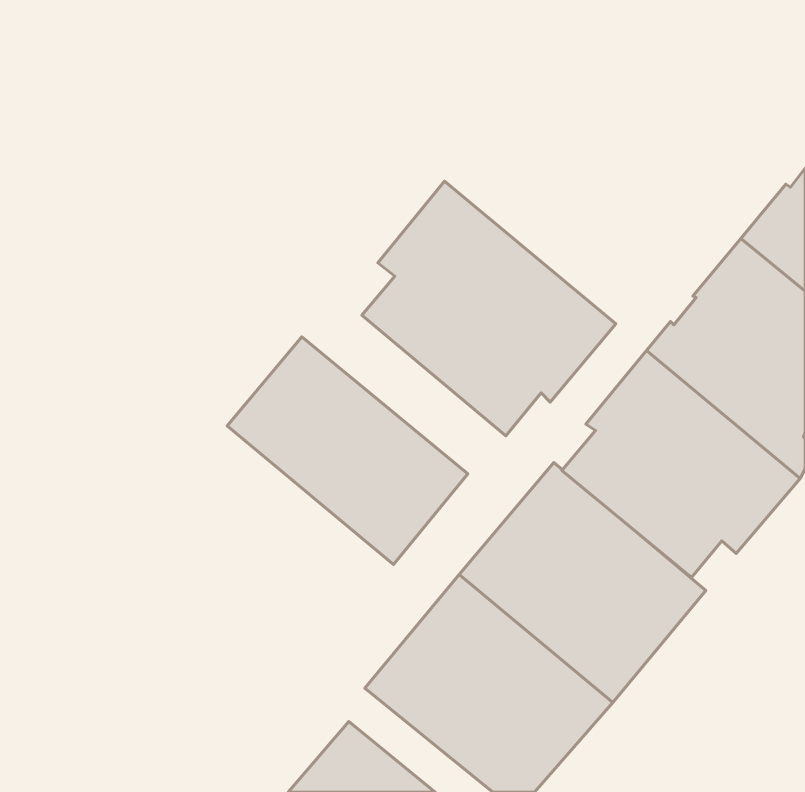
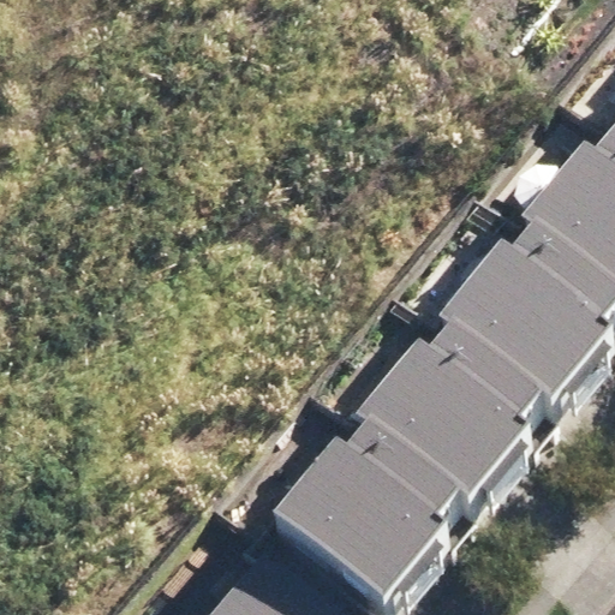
building: [362,181,616,436] -> none
building: [227,337,468,564] -> none

